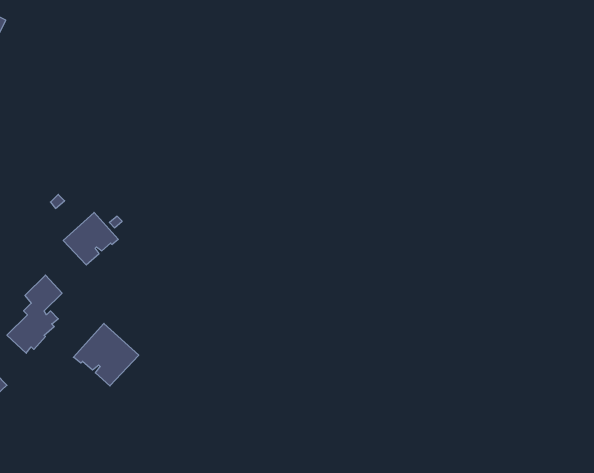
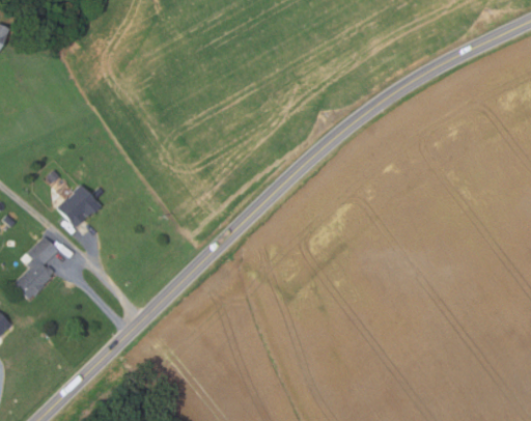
building: [73,323,139,386] -> none

